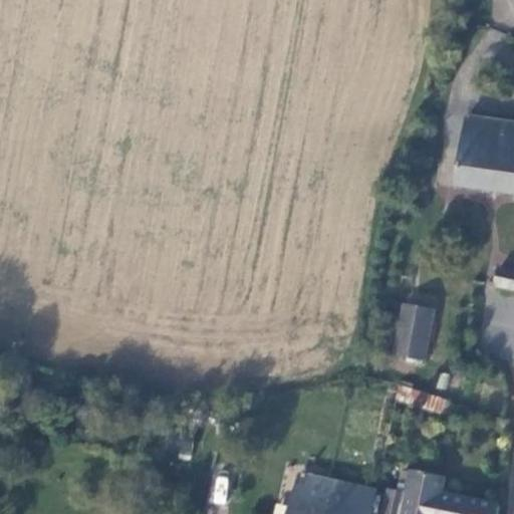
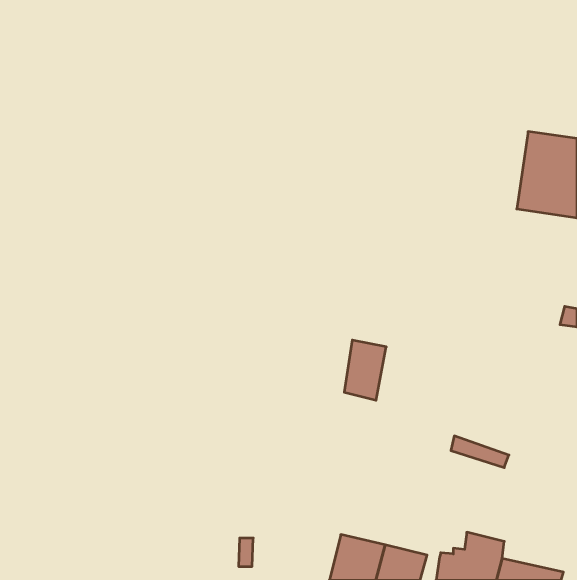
building: [397,305,434,358] -> [344,340,386,400]

